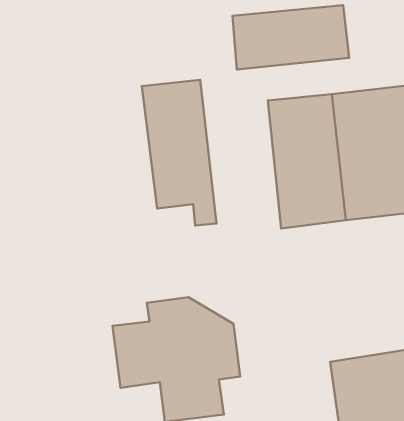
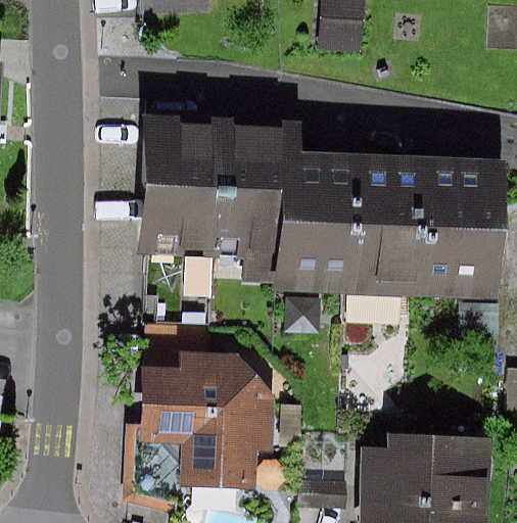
building: [233,5,349,69] -> none
building: none -> [268,121,343,294]
building: none -> [136,116,208,253]

